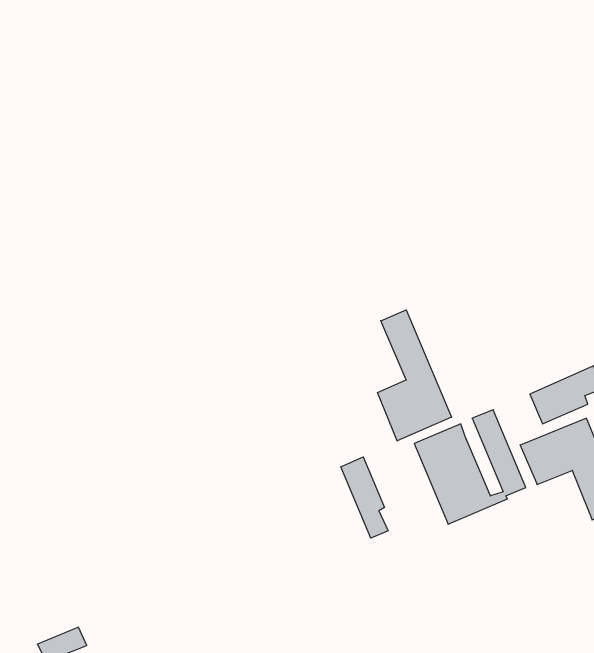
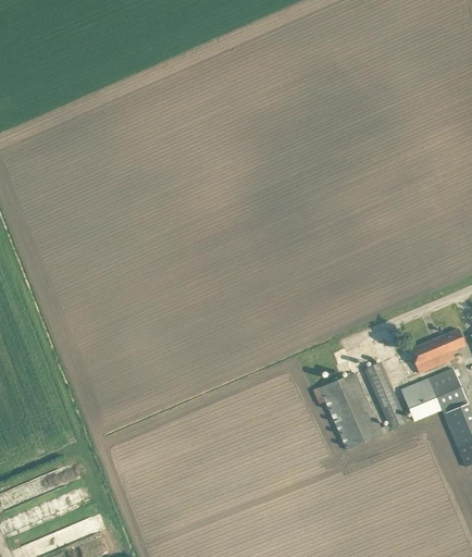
building: [377,310,452,441] -> none
building: [341,457,388,538] -> none

